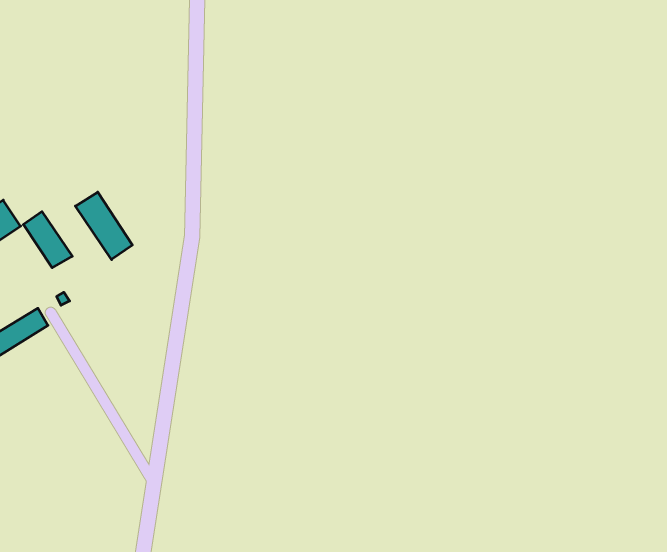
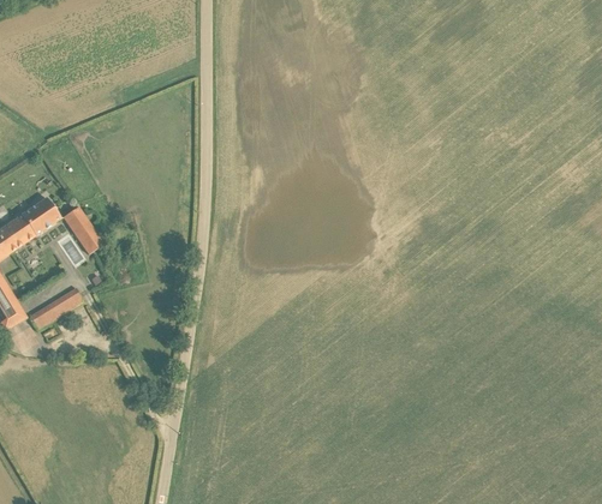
building: [75,192,132,260] -> none

